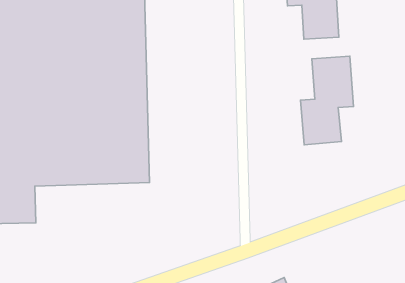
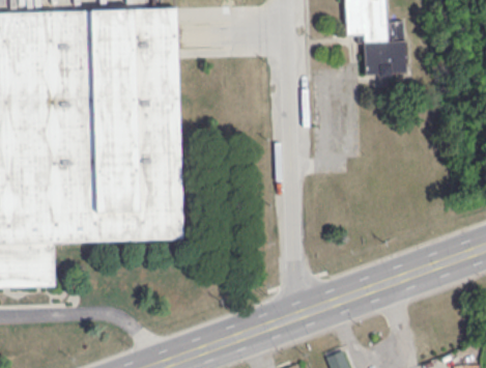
building: [301,56,354,145] -> none

